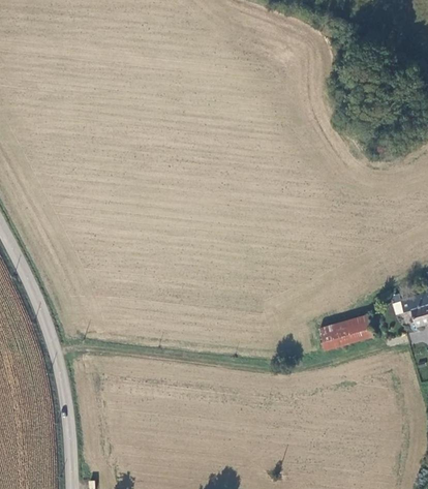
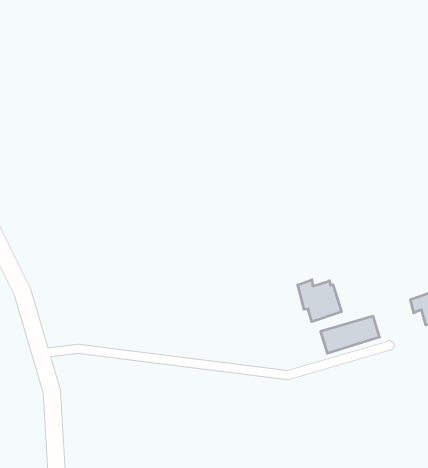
building: none -> [298,280,341,322]

